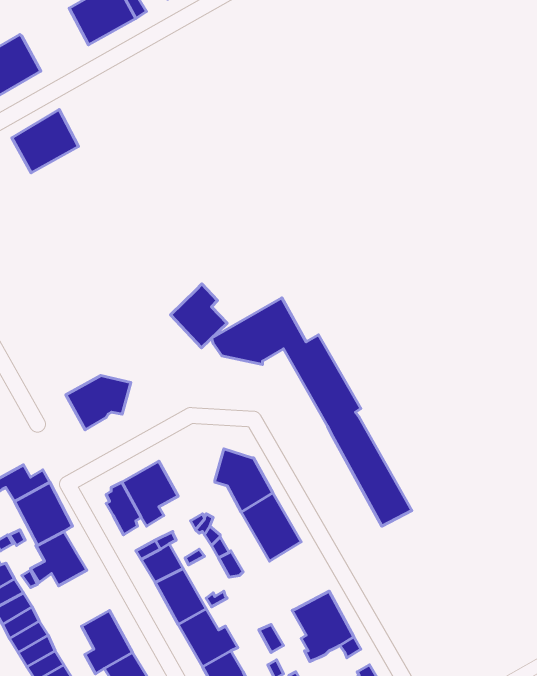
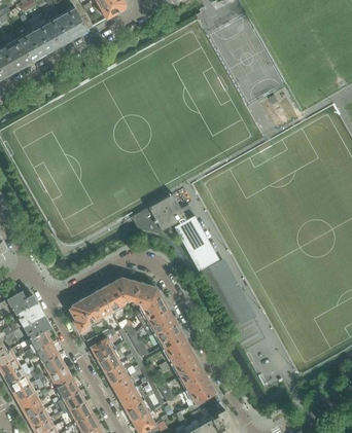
building: [12,110,79,173] -> [20,24,59,61]
building: [170,284,227,348] -> none
building: [66,375,131,430] -> [100,278,138,310]
building: none -> [165,336,200,375]
building: none -> [41,353,71,386]

